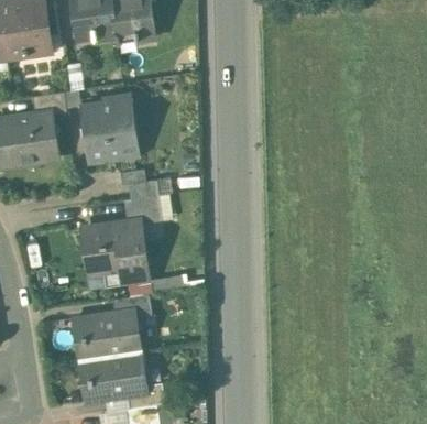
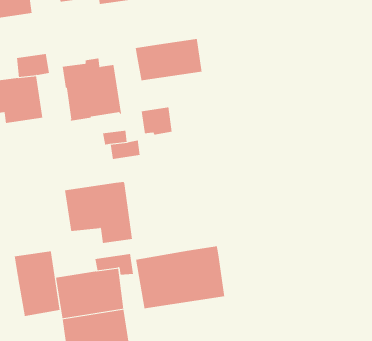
building: none -> [135,38,202,81]
building: [129,195,161,224] -> [141,107,173,135]
building: none -> [136,245,225,309]
building: none -> [14,250,60,317]

